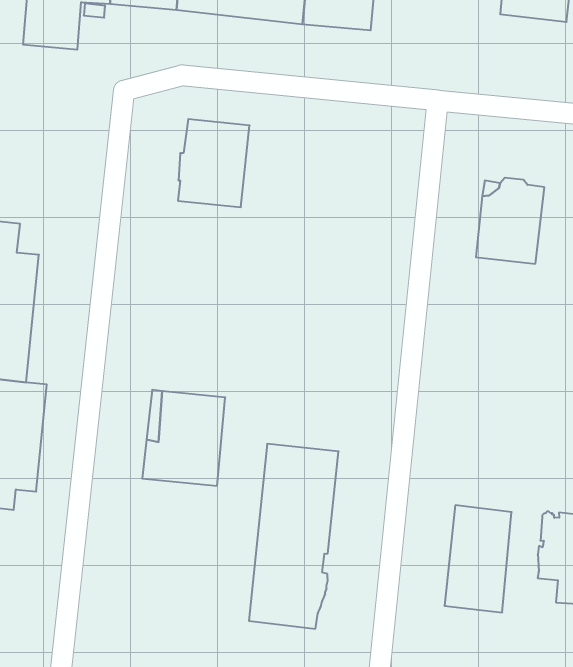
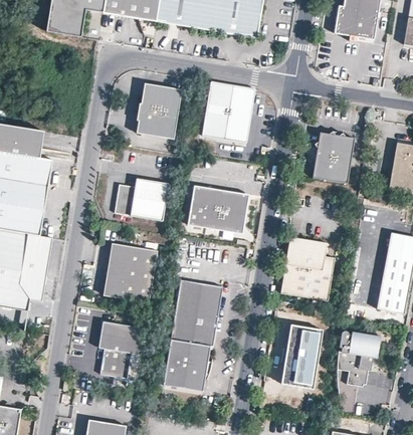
building: none -> [201,81,254,143]
building: none -> [114,178,168,220]
building: none -> [187,185,248,233]
building: none -> [279,238,335,300]
building: none -> [99,320,145,379]

